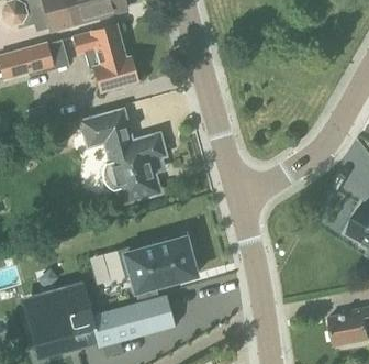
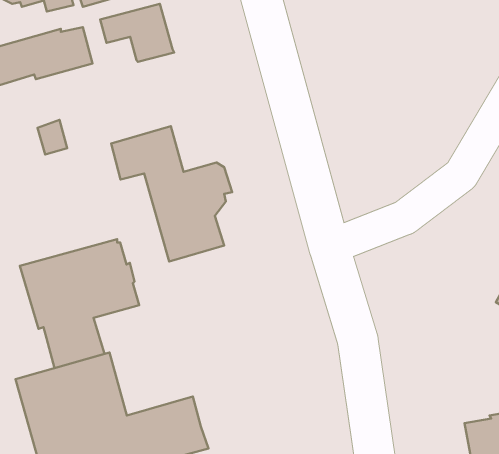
building: [92,55,136,91] -> none
building: [119,230,202,320] -> [20,239,139,368]

